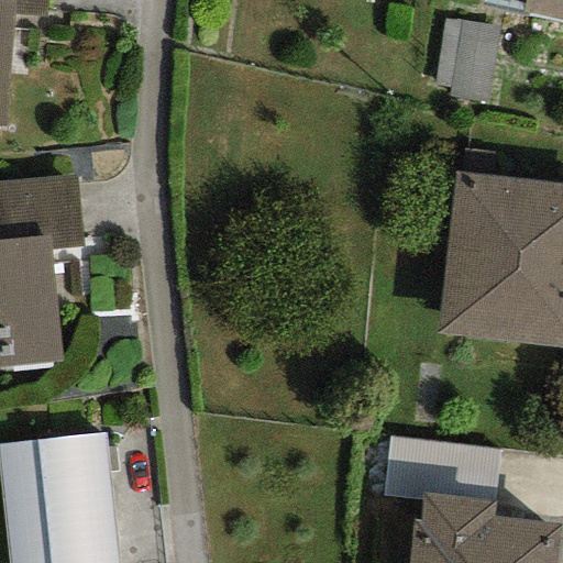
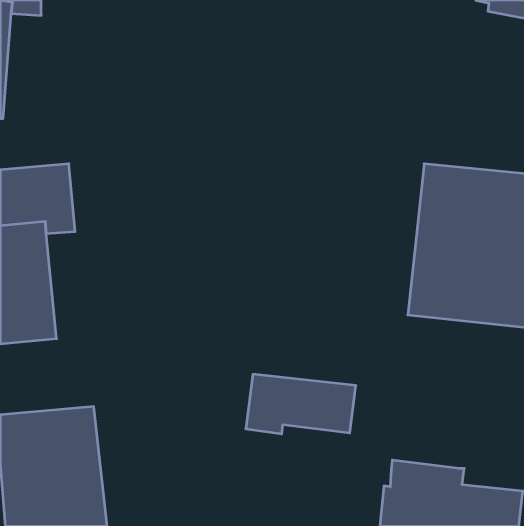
building: [439,12,500,91] -> none
building: [382,438,499,501] -> [246,374,356,434]

